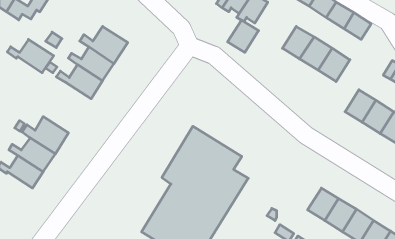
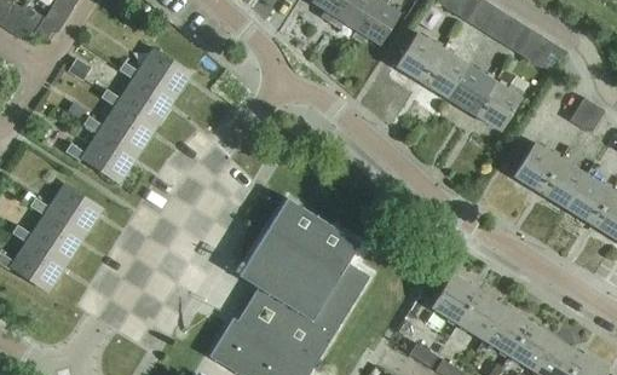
building: [228,20,259,52] -> [396,33,442,81]
building: [7,39,54,73] -> [68,132,137,181]
building: none -> [432,272,479,322]

